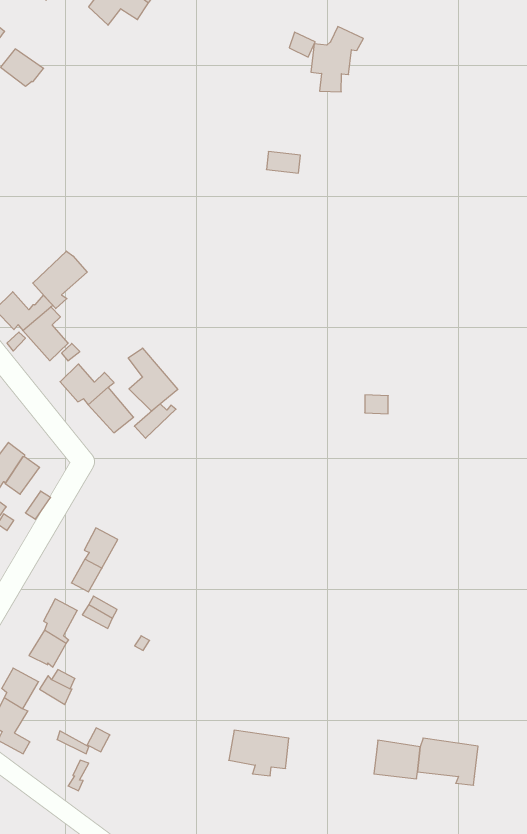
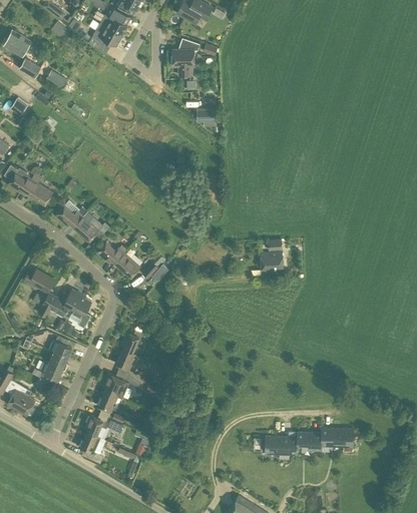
building: [311,27,363,92] -> [173,38,200,75]
building: [33,251,87,309] -> none
building: [128,348,178,411] -> none
building: none -> [261,251,284,273]
building: [229,730,289,776] -> [265,435,297,458]

